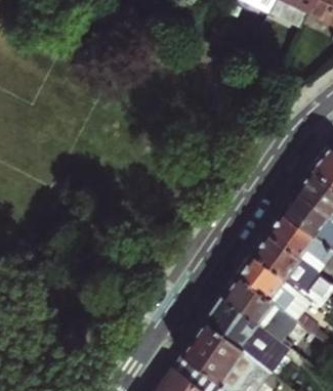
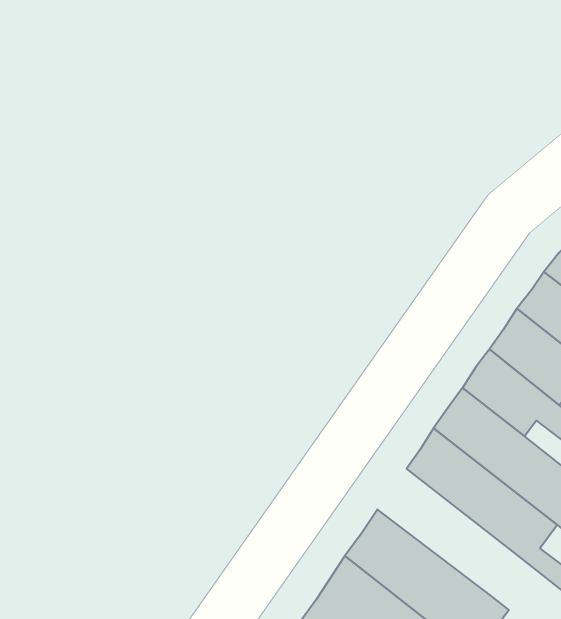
building: [222,274,298,342] -> none

